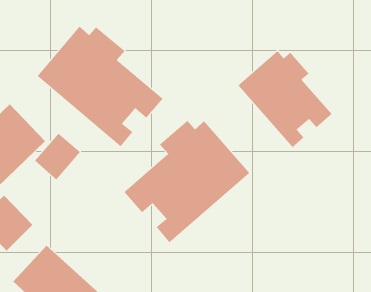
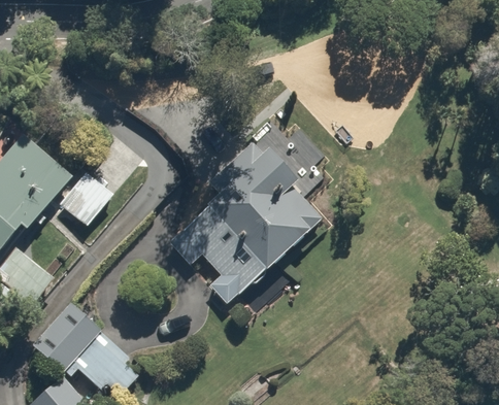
building: [37,26,163,147] -> none
building: [237,50,332,148] -> none

